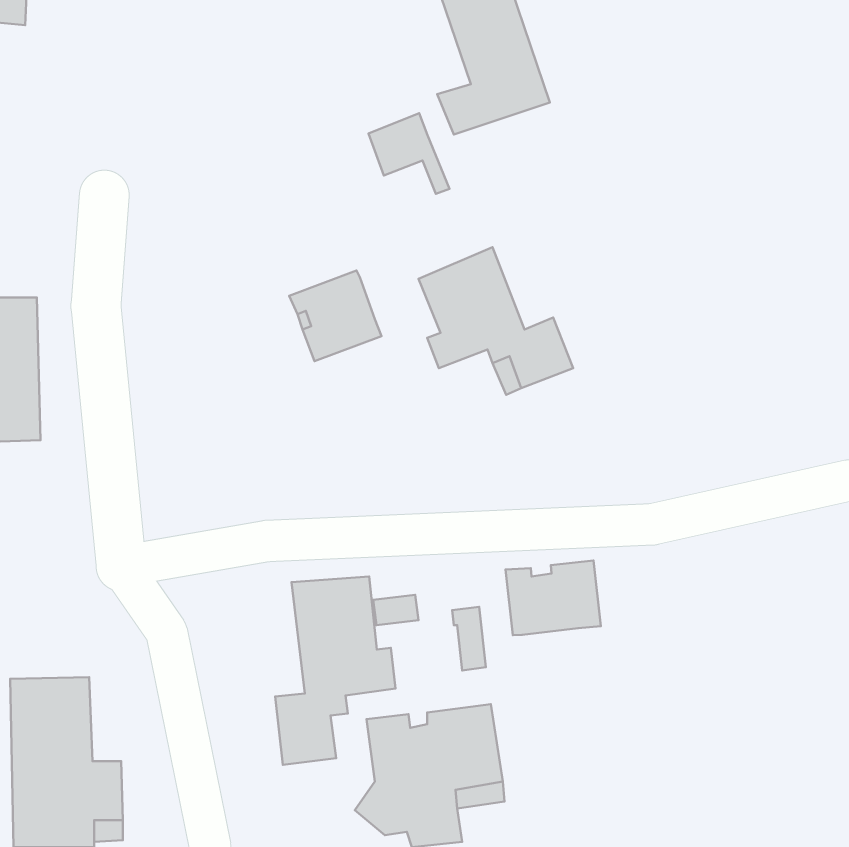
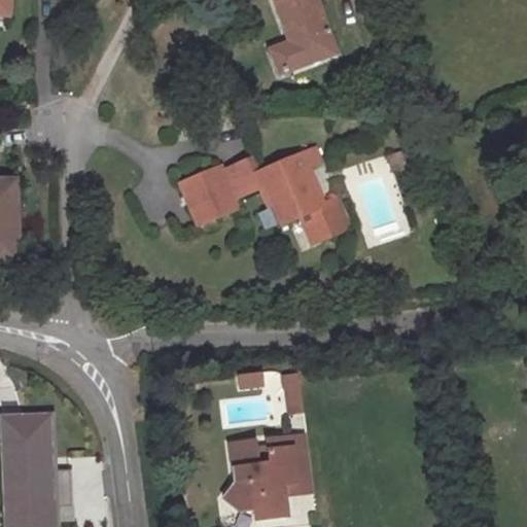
building: [369,113,449,194] -> [220,157,270,207]
building: [505,560,601,635] -> none
building: [275,576,396,765] -> none

